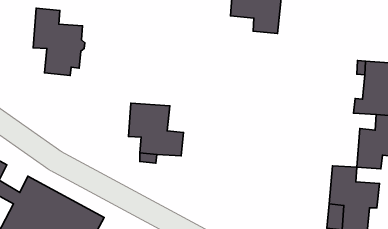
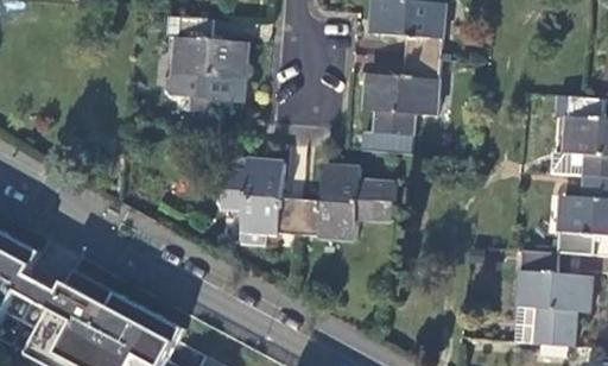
building: [33,8,85,75] -> [173,19,249,118]
building: none -> [361,56,439,152]
building: none -> [298,170,394,244]

